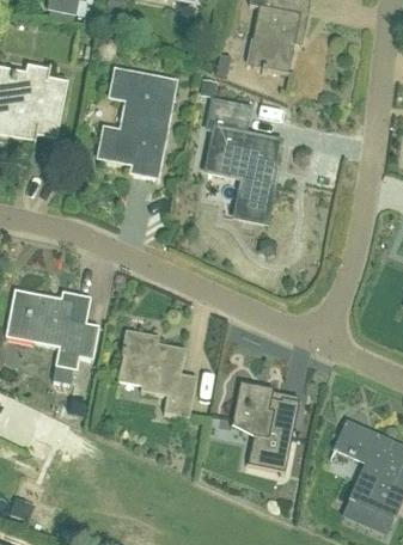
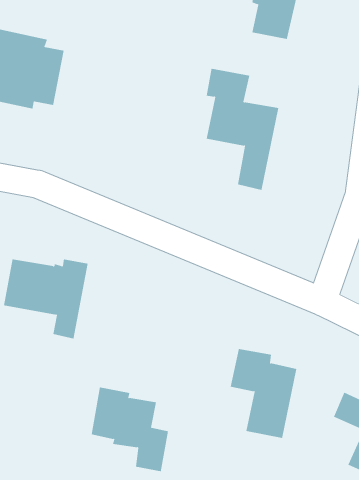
building: [97,67,173,176] -> none
building: [118,331,196,416] -> [91,387,169,472]

